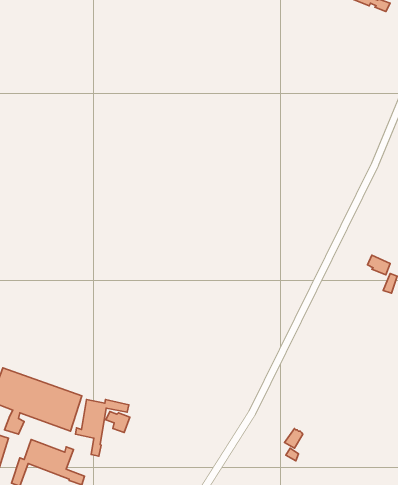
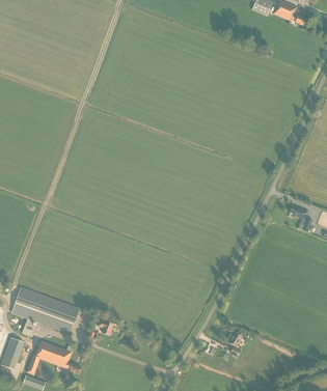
building: [75,399,129,456] -> none

